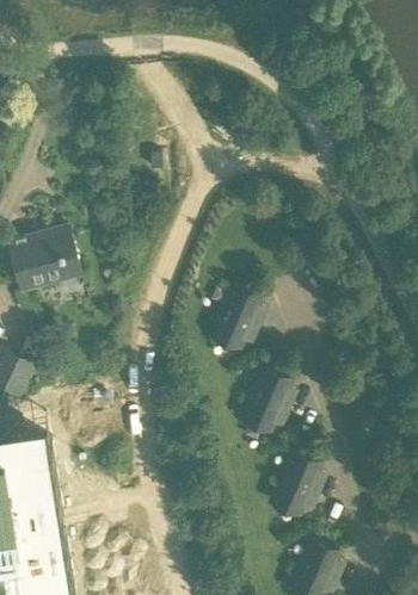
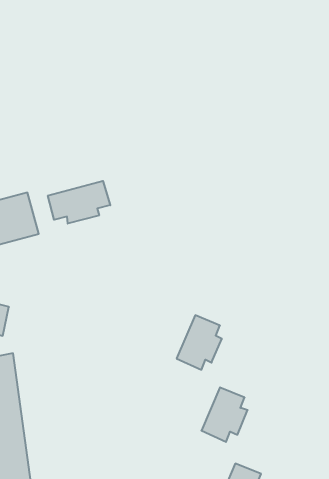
building: none -> [48,181,110,224]
building: [208,291,262,353] -> none

